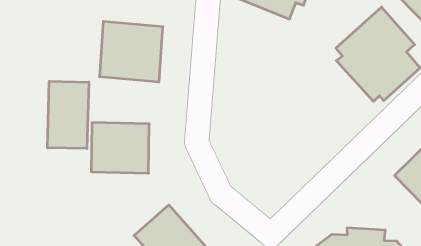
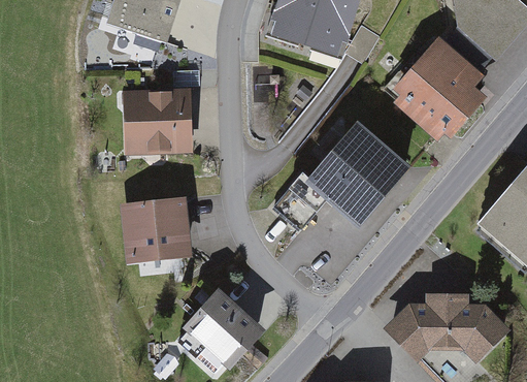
building: none -> [304,125,413,232]
building: [48,81,89,149] -> none

